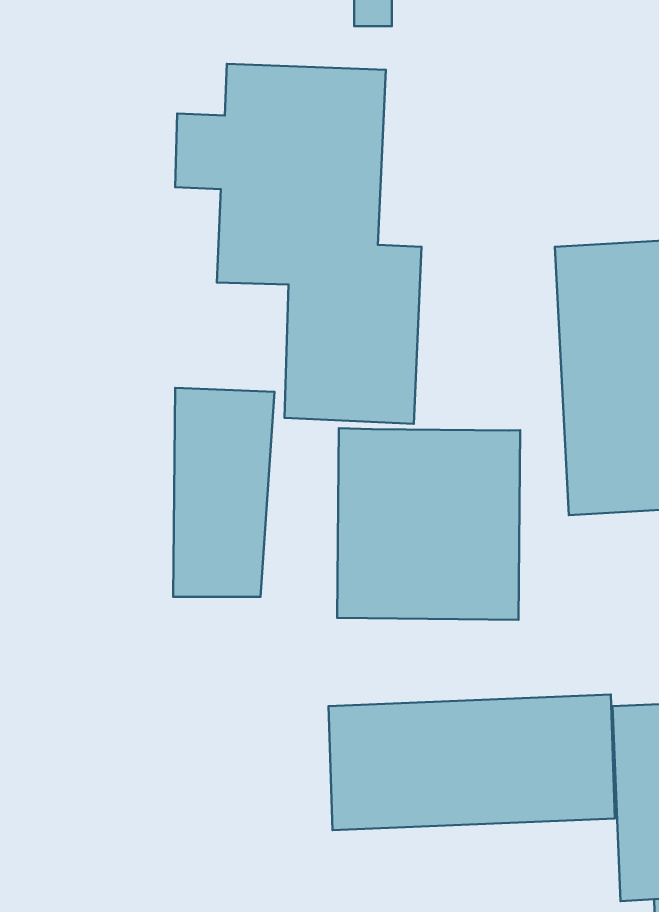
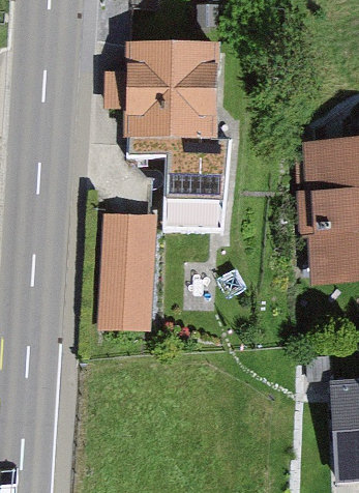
building: [337,428,520,620] -> none
building: [328,695,615,830] -> none

